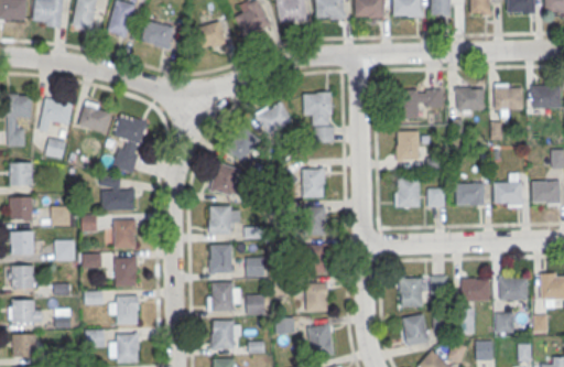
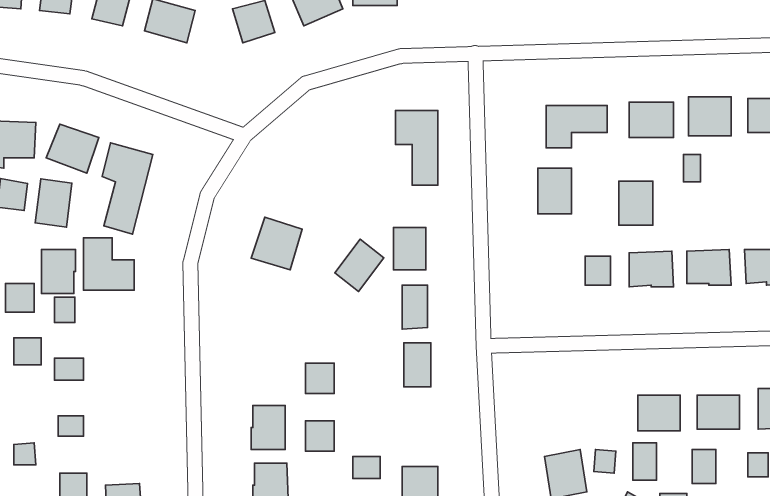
building: [256,99,293,134] -> none
building: [228,127,260,161] -> [335,239,384,292]
building: none -> [35,179,72,227]
building: [397,177,419,206] -> [619,181,653,225]
building: [208,207,230,236] -> none
building: [113,222,135,250] -> [41,250,75,294]
building: [209,246,231,274] -> none
building: [115,260,137,289] -> none
building: [400,277,446,306] -> none
building: [306,282,328,311] -> none
building: [116,298,138,326] -> none

